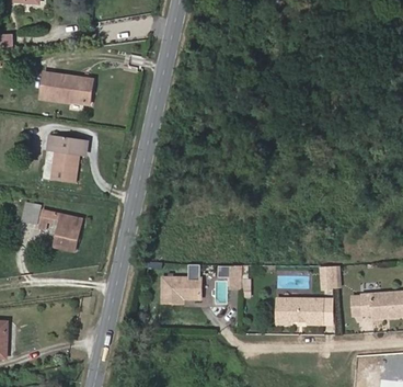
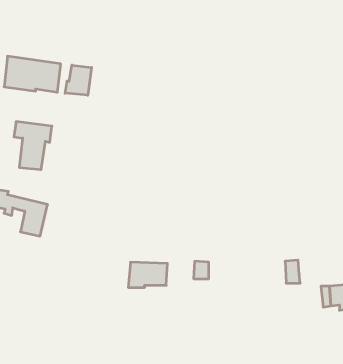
building: none -> [65,65,92,95]
building: [276,303,320,327] -> none

